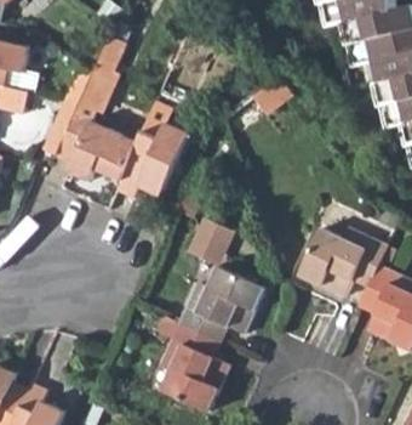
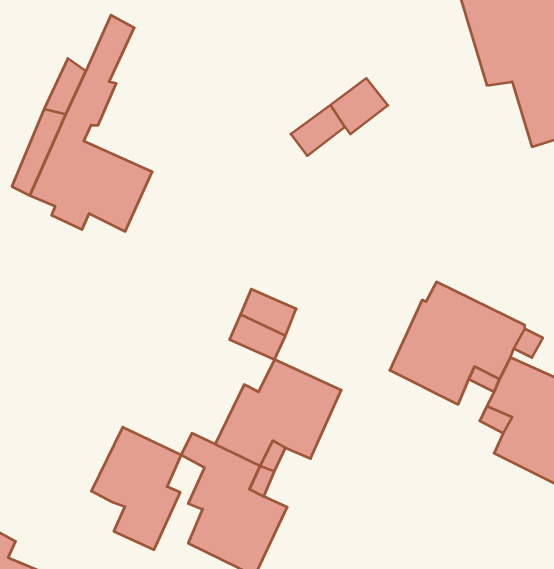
building: [115,123,188,198] -> none
building: none -> [91,427,181,550]

